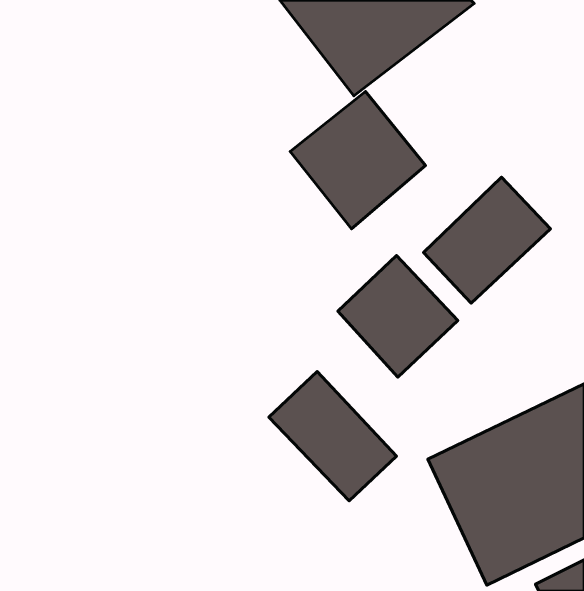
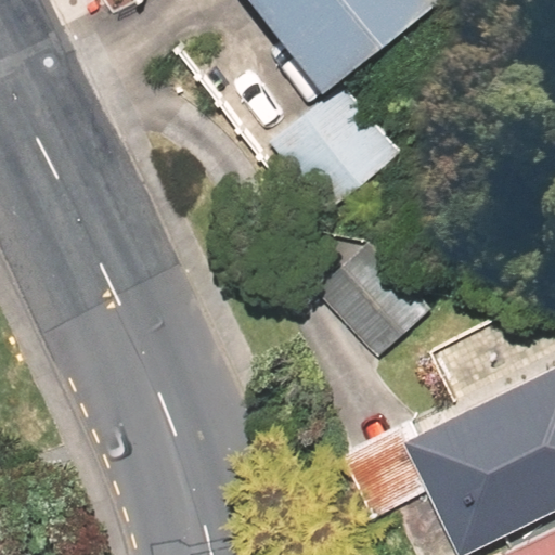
building: [423,177,550,303] -> none
building: [269,372,397,501] -> none

